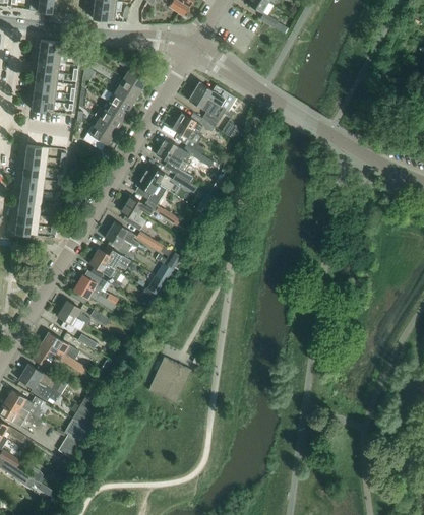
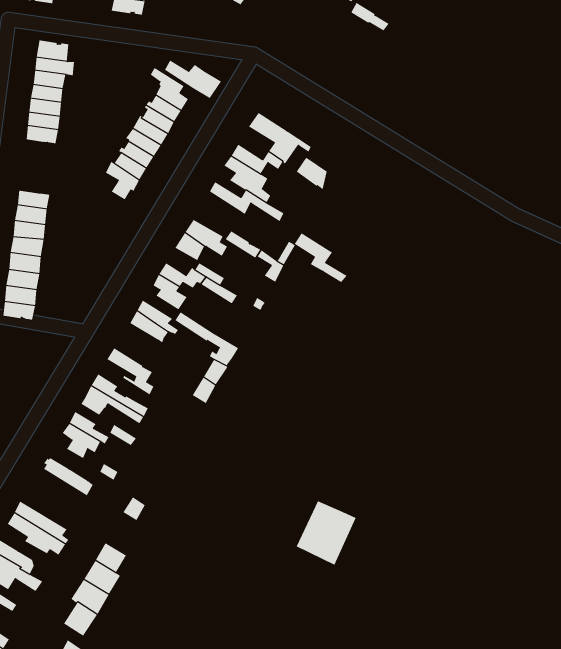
building: [195,83,236,111] -> [164,60,222,99]
building: [156,146,193,182] -> [294,232,347,283]
building: [94,247,130,270] -> none
building: [33,341,86,373] -> none
building: [148,358,191,403] -> [296,500,357,565]

